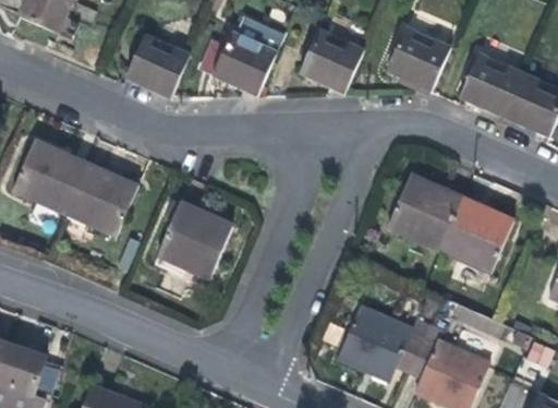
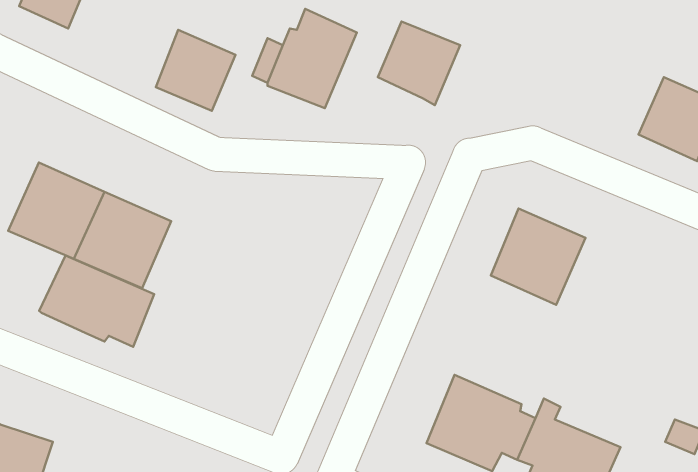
building: [387,27,450,91] -> none
building: [460,52,523,117] -> none
building: [439,197,512,273] -> none
building: [157,202,232,277] -> none
building: none -> [39,255,154,347]

